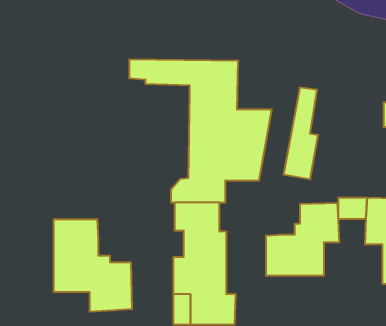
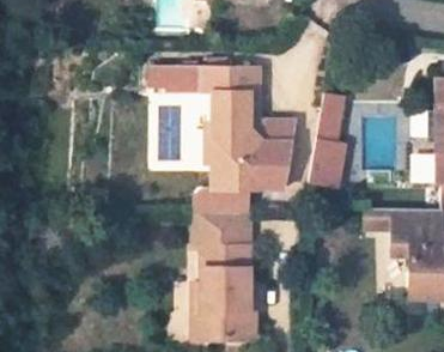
building: [266,203,339,276] -> none
building: [54,219,132,312] -> none

